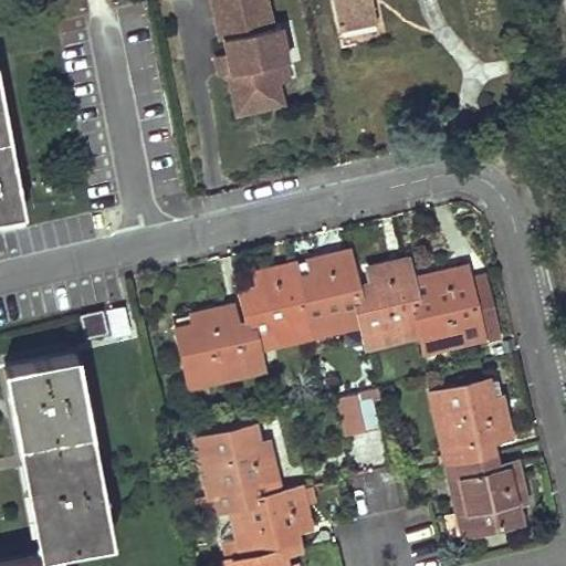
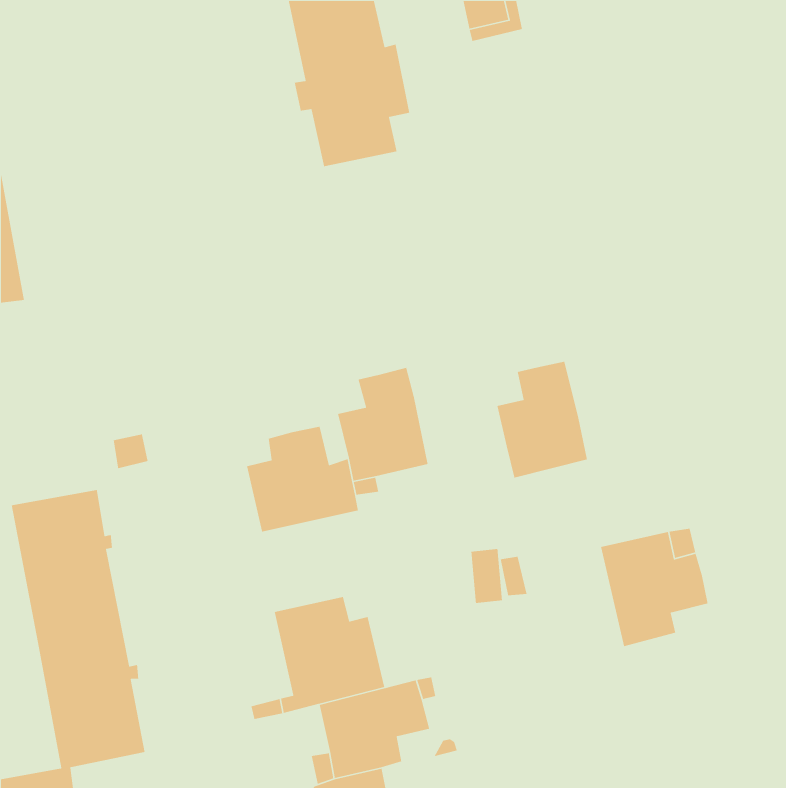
building: [300,251,365,334] -> none
building: [417,266,483,348] -> none
building: [449,454,526,532] -> none

